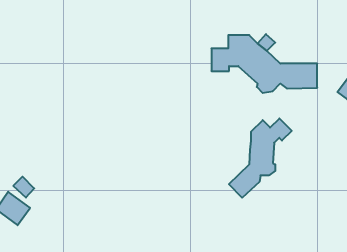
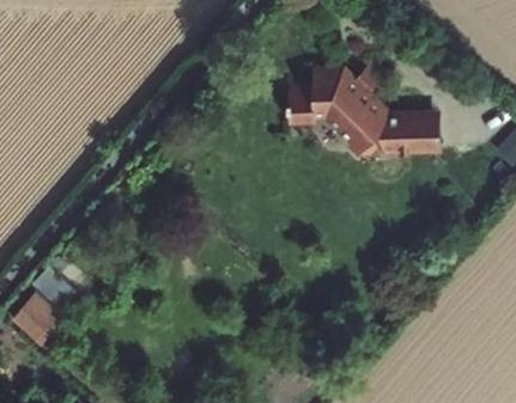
building: [229,118,292,198] -> none

